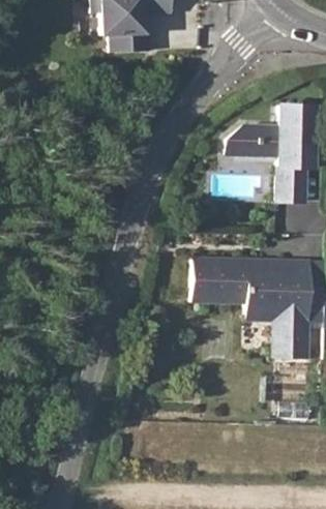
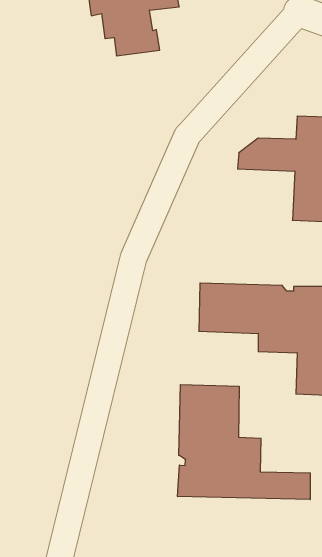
building: none -> [178,385,310,500]

